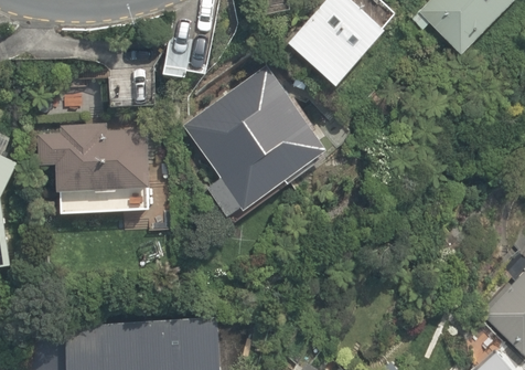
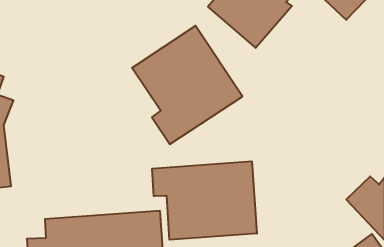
building: [38,119,150,215] -> none
building: none -> [152,161,257,240]

